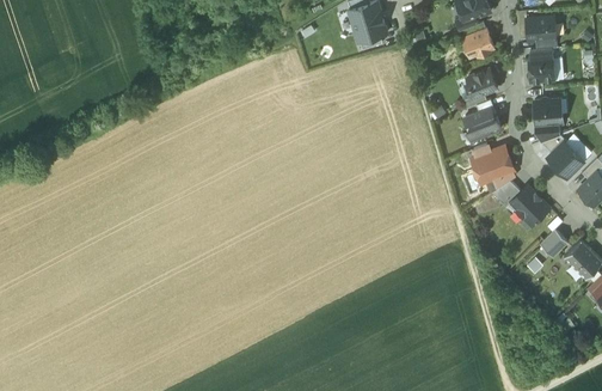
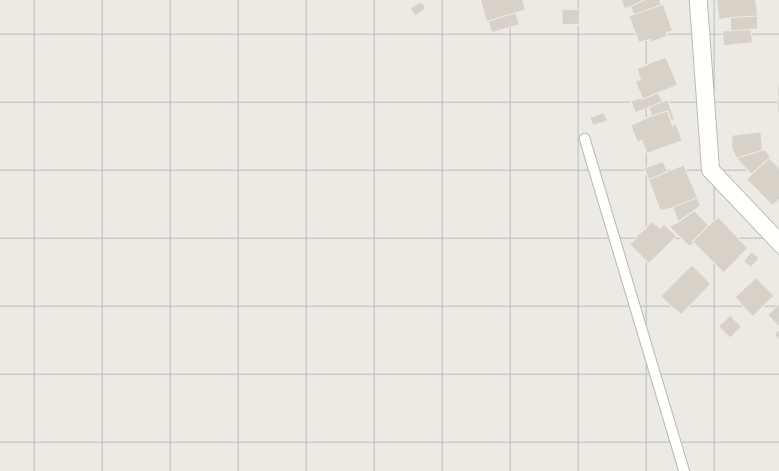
building: [529,57,554,83] -> none
building: [533,98,563,126] -> none
building: none -> [630,221,677,264]
building: none -> [661,265,711,315]

